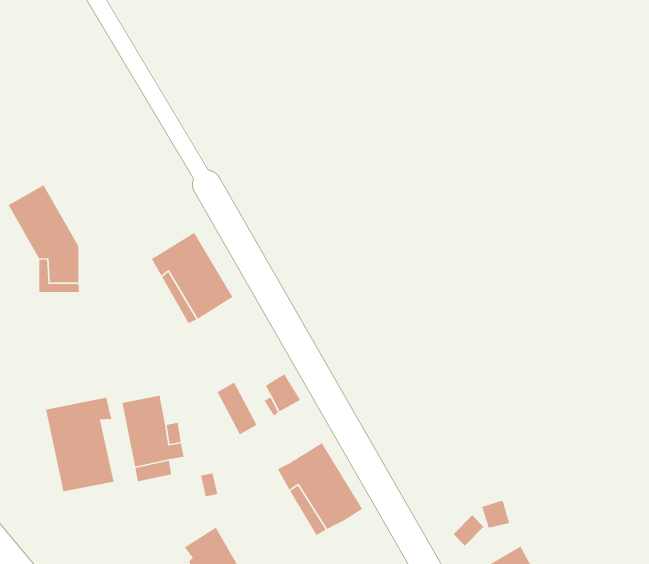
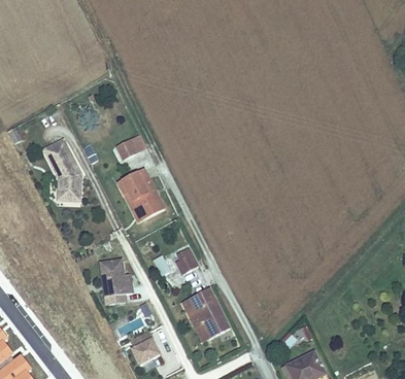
building: none -> [115,134,144,160]
building: [45,397,114,492] -> none

